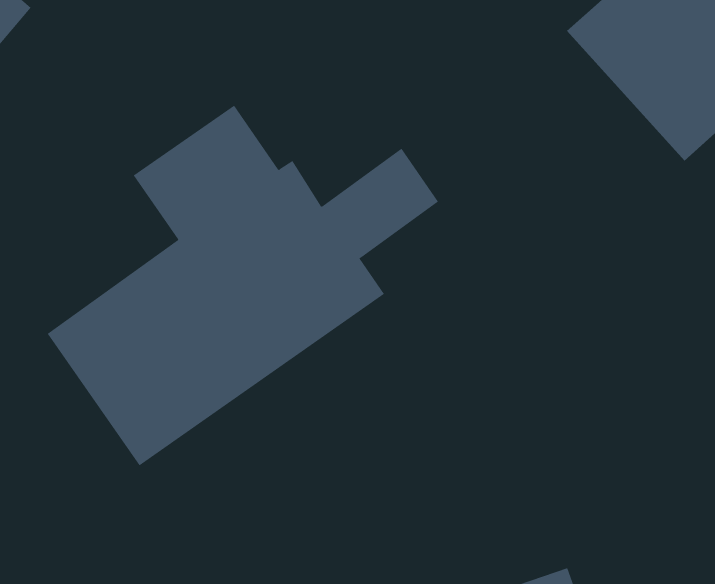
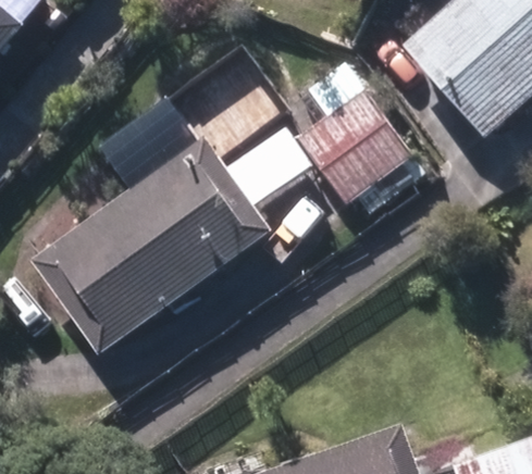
building: none -> [304,63,424,215]

